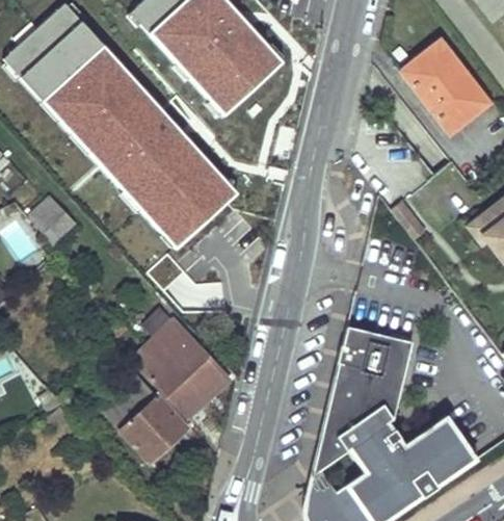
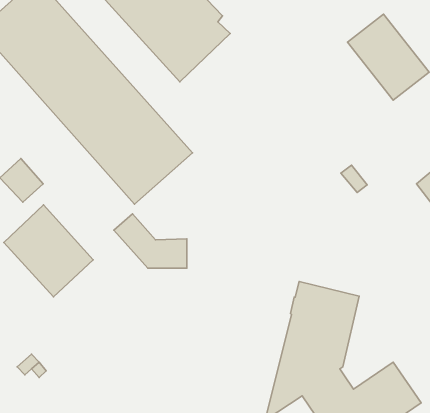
building: [132,320,228,419] -> [4,205,93,297]
building: [118,395,190,463] -> none

